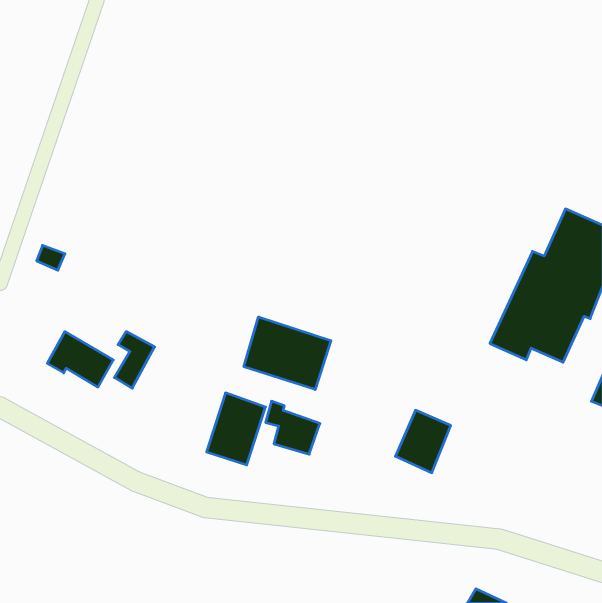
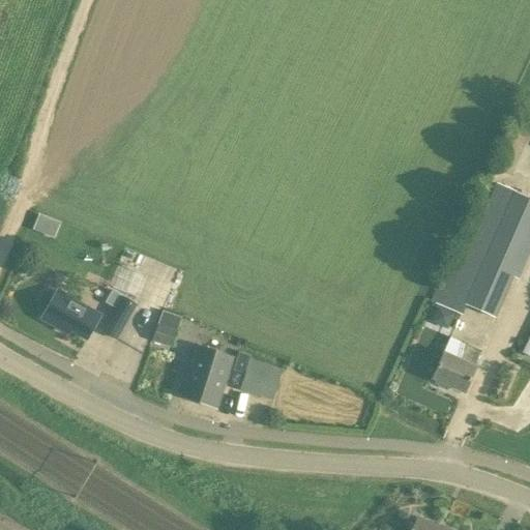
building: [244,317,331,390] -> none
building: none -> [152,311,182,348]
building: [395,410,451,473] -> [433,337,481,392]

